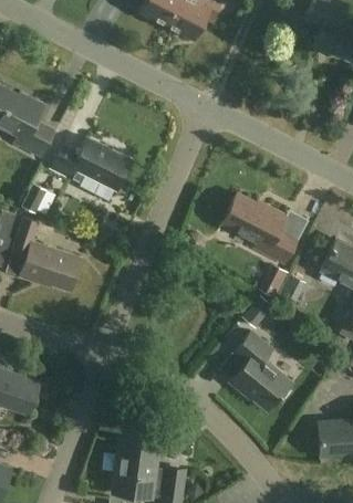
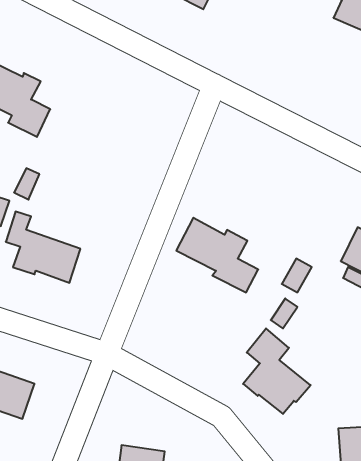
building: [50,139,131,191] -> none
building: [220,195,295,263] -> [176,218,258,292]

